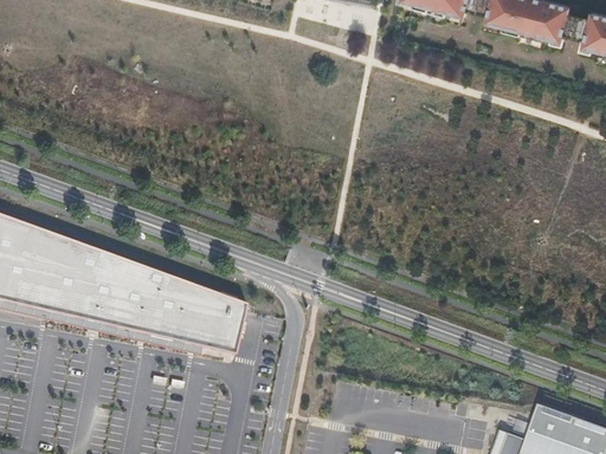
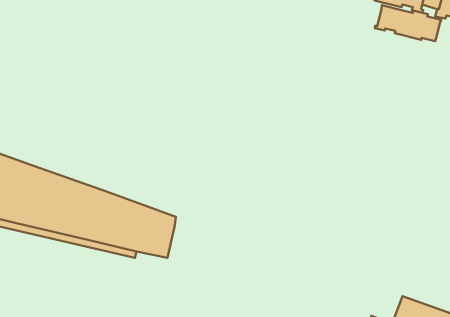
building: none -> [375,5,441,41]

